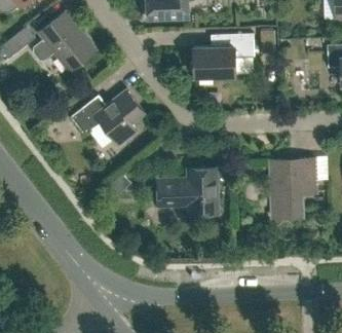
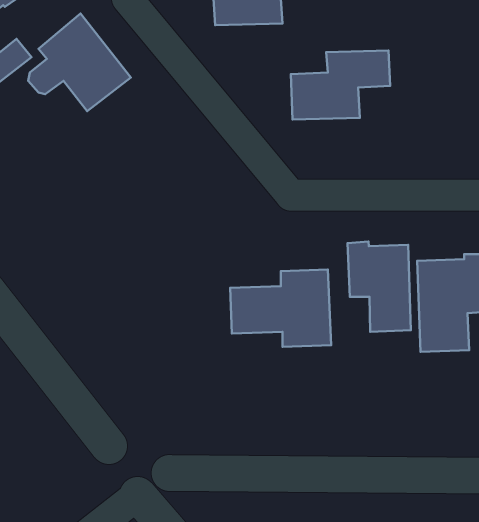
building: [70,88,144,145] -> none
building: none -> [348,242,411,332]

